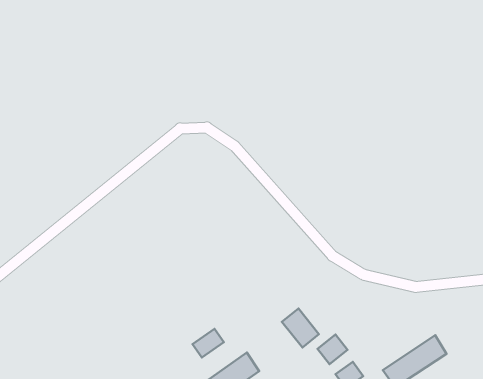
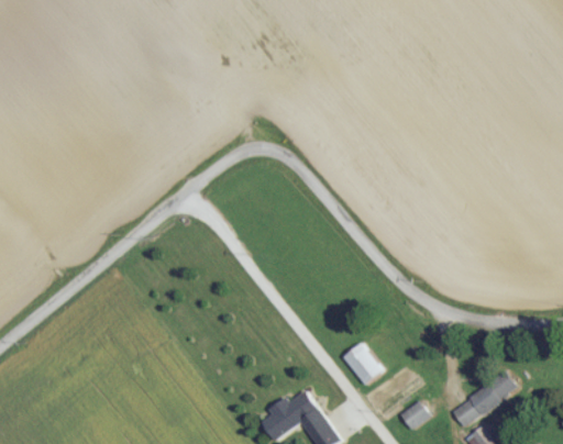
building: [192,329,224,358] -> none
building: [317,335,347,364] -> none

